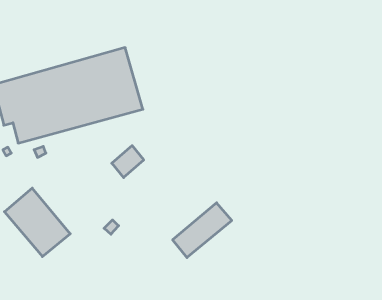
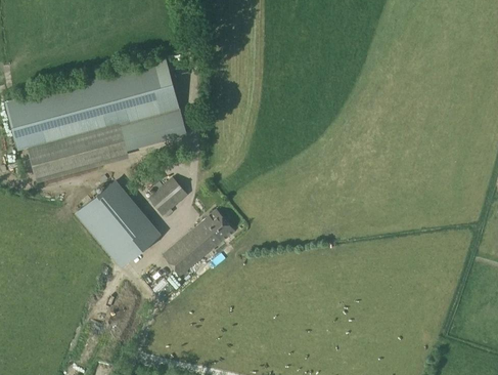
building: [4,188,70,257] -> [78,183,157,266]
building: [173,203,232,258] -> [164,210,235,277]

